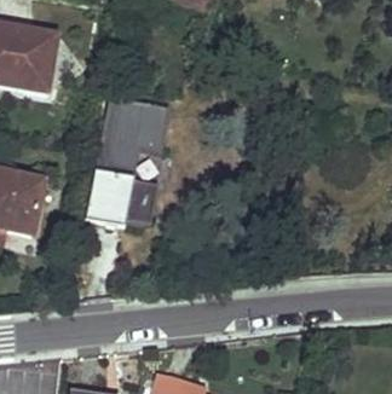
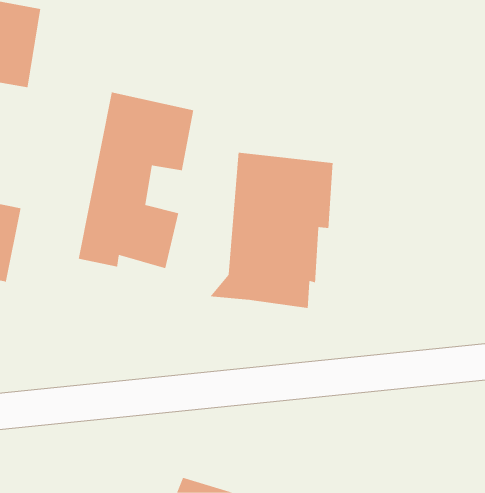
building: none -> [209,152,334,309]

